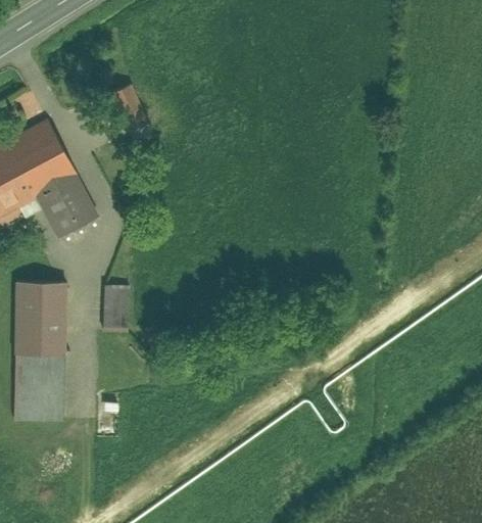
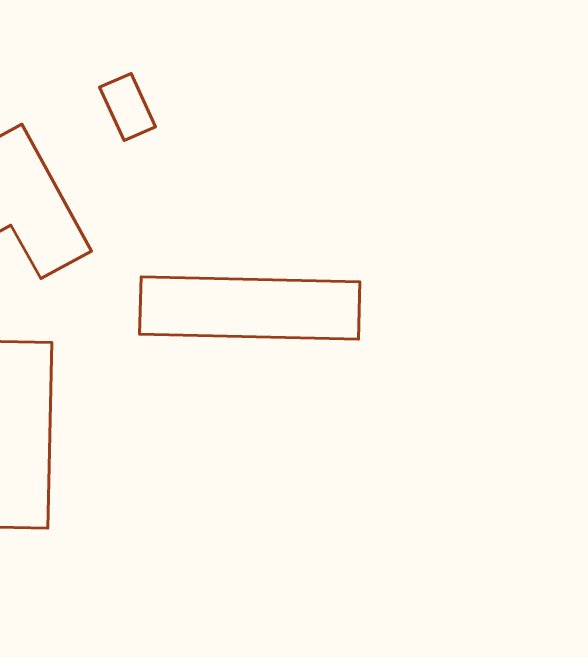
building: none -> [140,277,360,339]
building: [103,286,130,332] -> none

